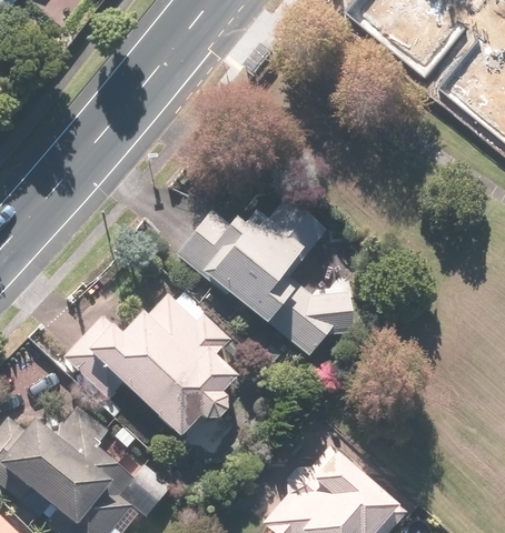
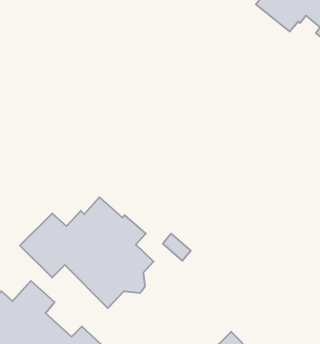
building: [176,197,353,355] -> none

